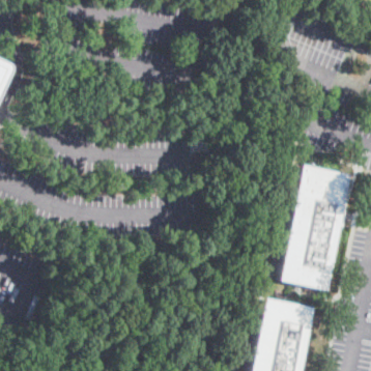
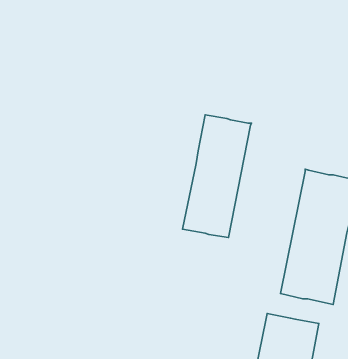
building: none -> [182,115,251,238]

